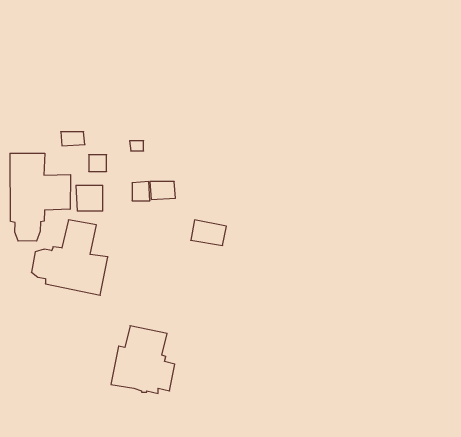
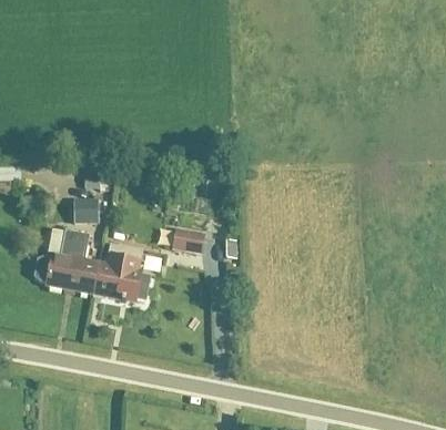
building: [10,153,70,241] -> none
building: [111,326,175,393] -> [94,243,150,301]

